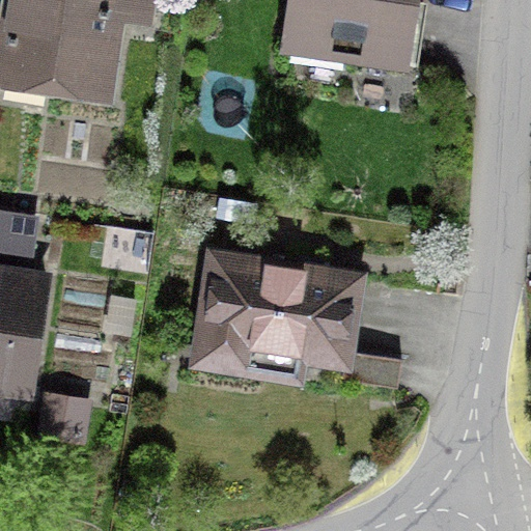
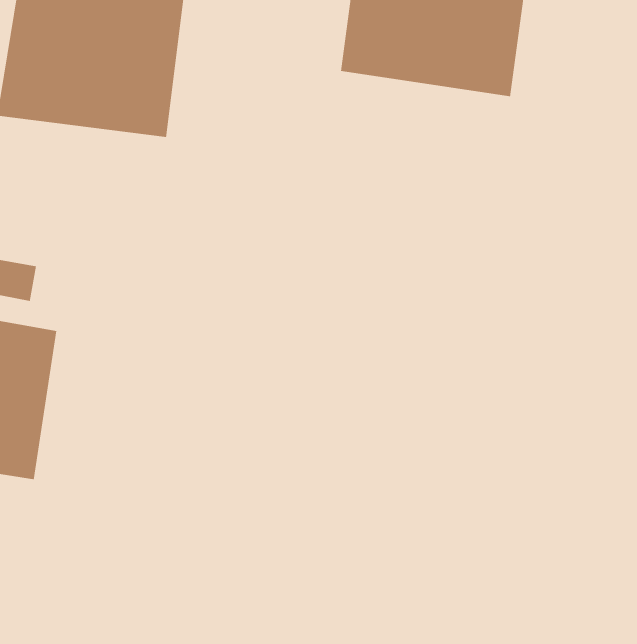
building: [190,243,362,381] -> none

